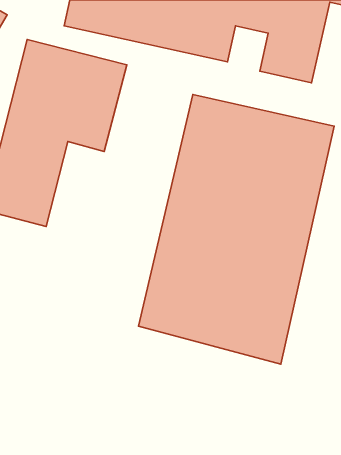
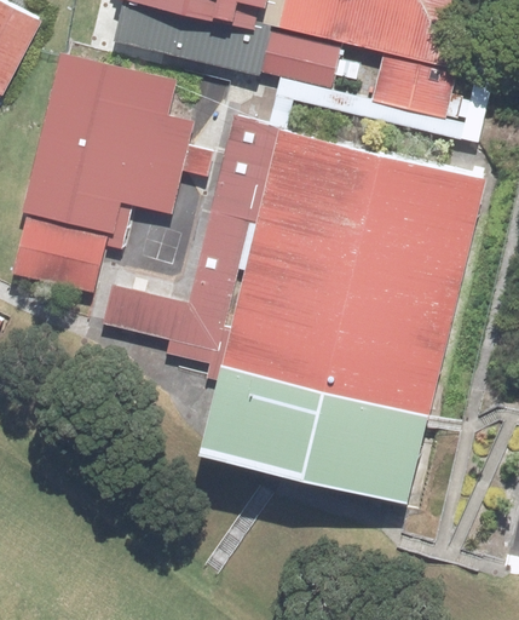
building: none -> [103,117,276,383]

